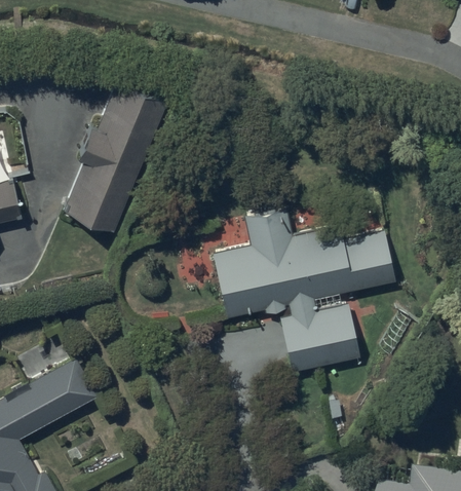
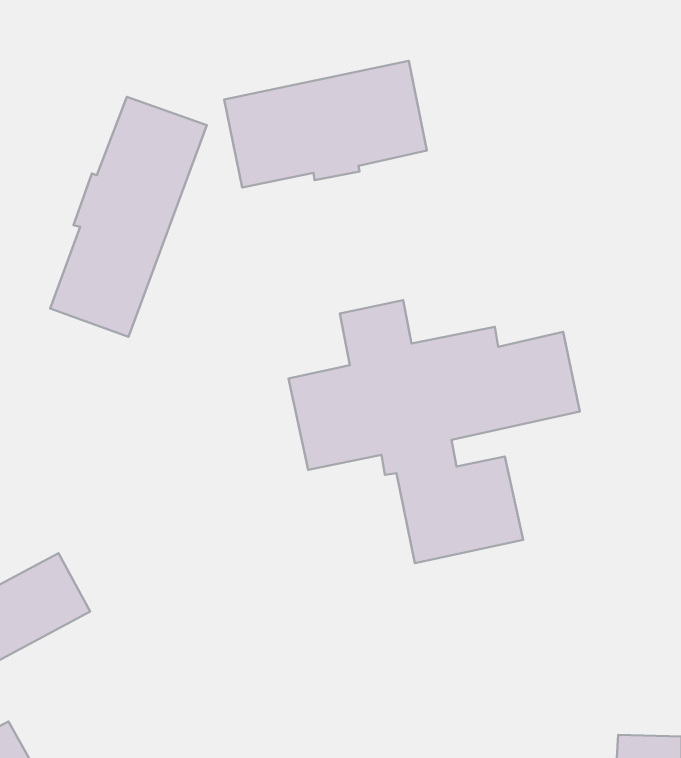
building: none -> [224,61,427,188]

